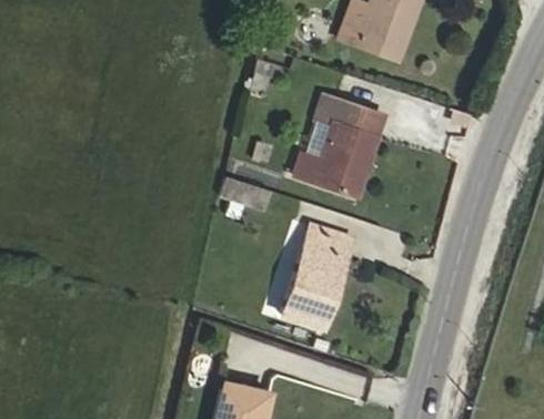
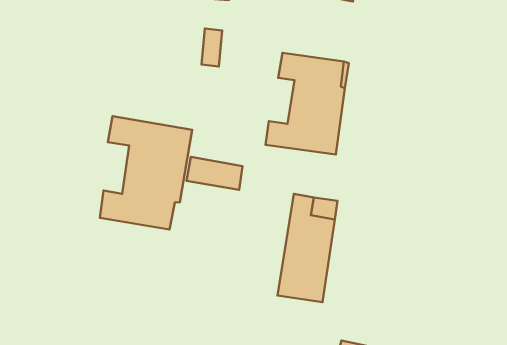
building: none -> [100,116,192,230]

